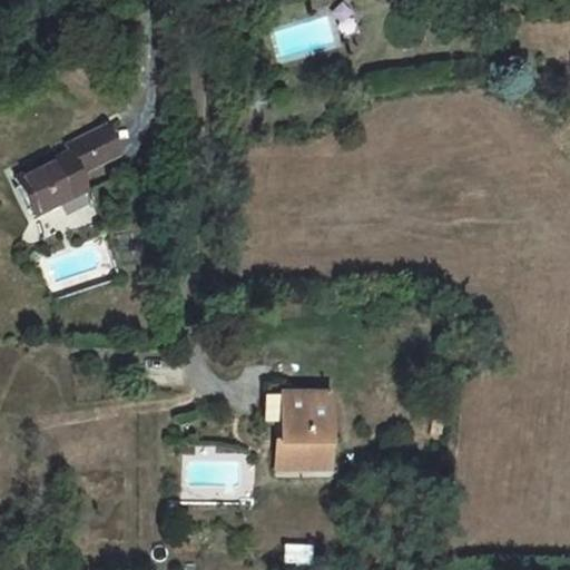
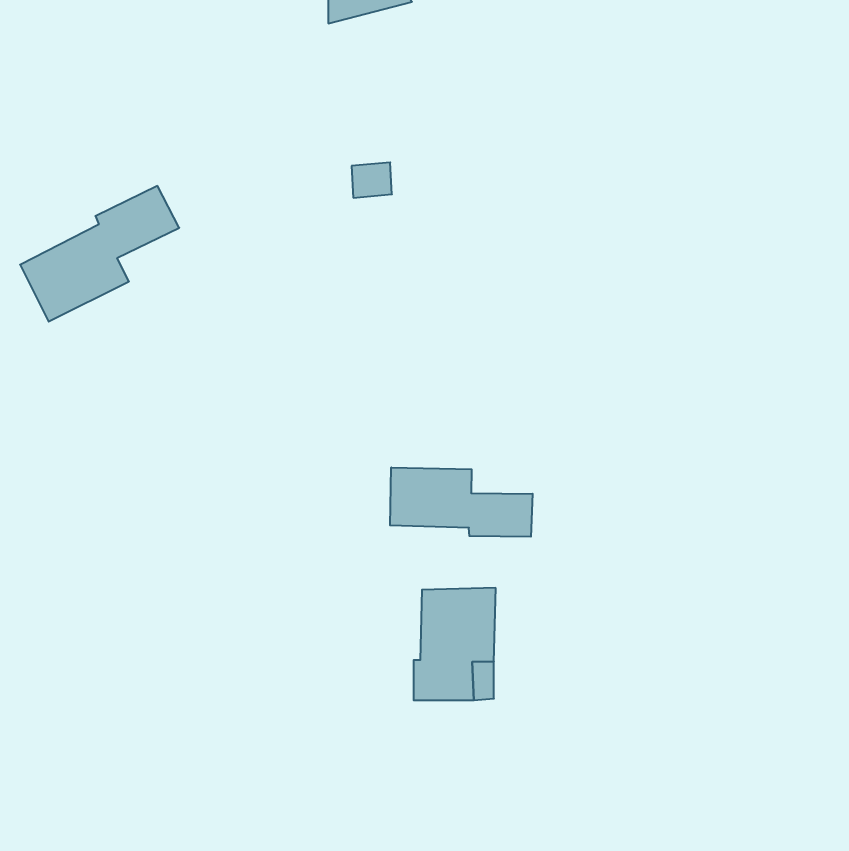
building: none -> [390,467,533,537]

